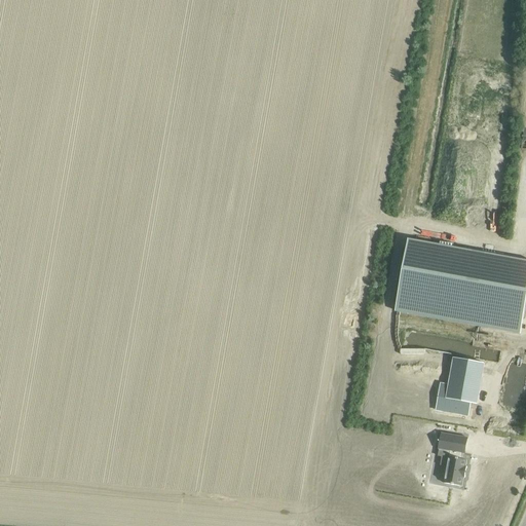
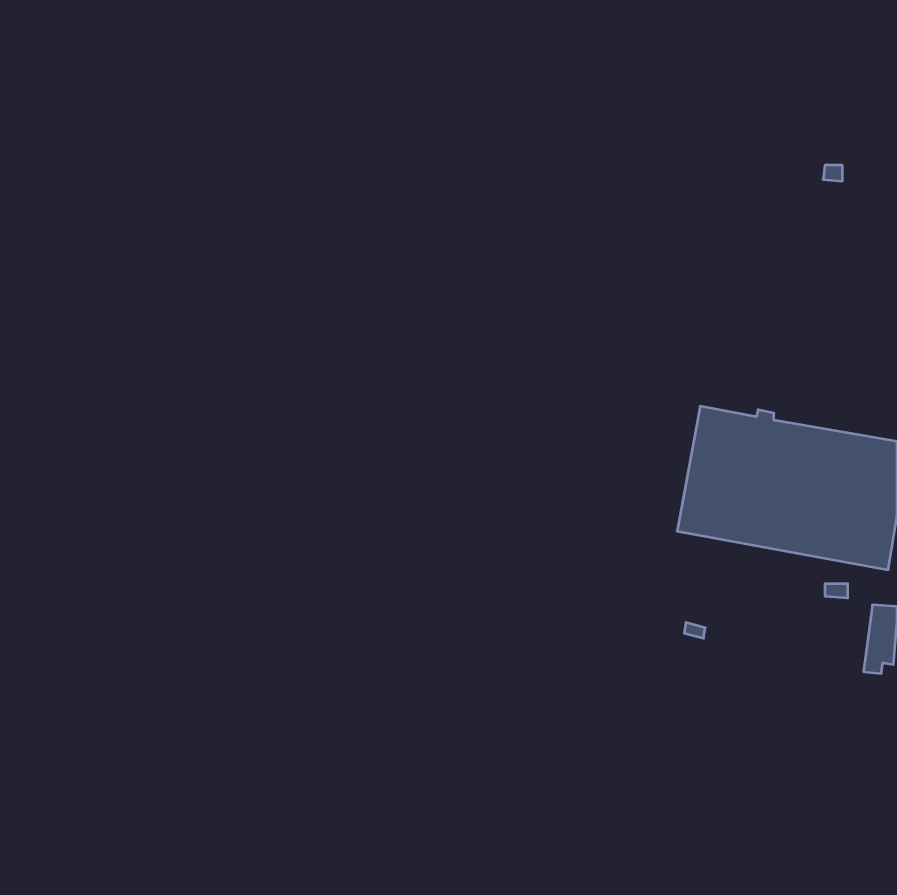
building: [437,355,483,415] -> none
building: [437,431,466,485] -> none

